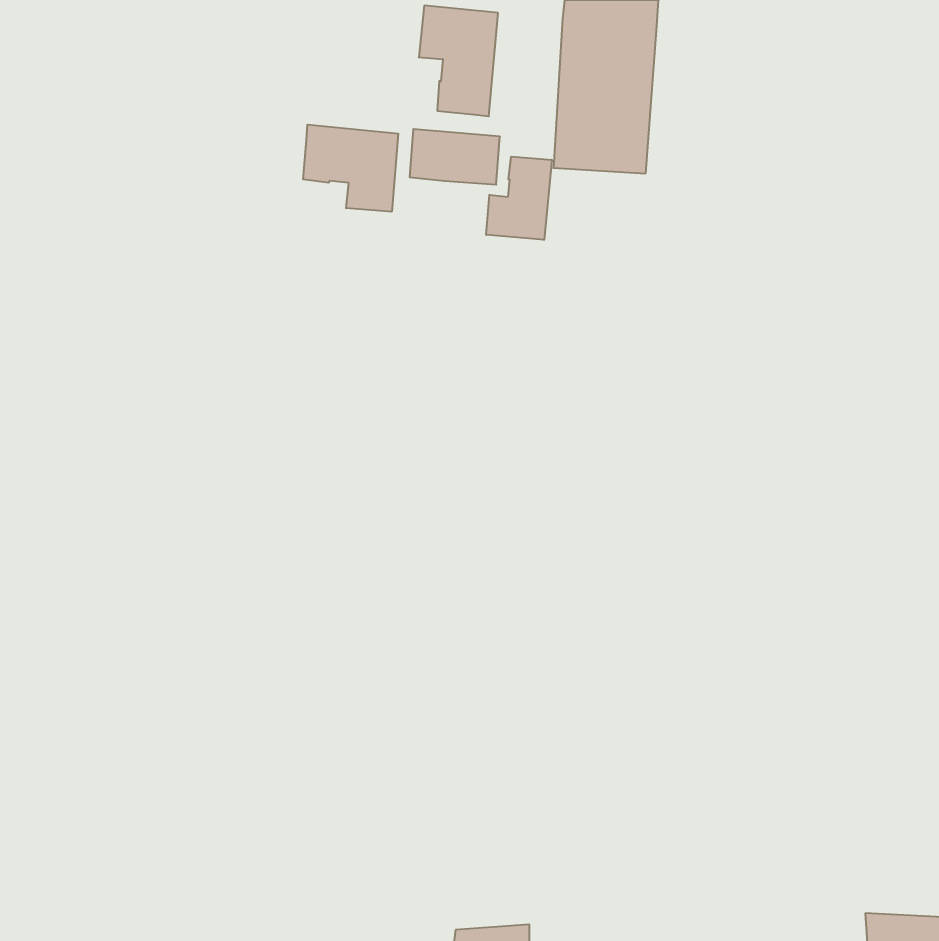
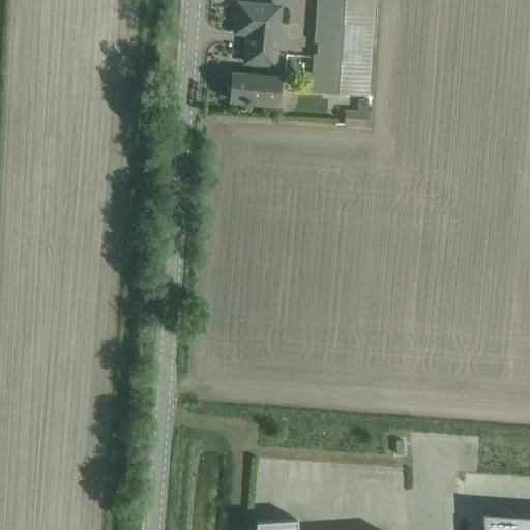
building: [303,125,398,212] -> none
building: [486,157,552,240] -> none

